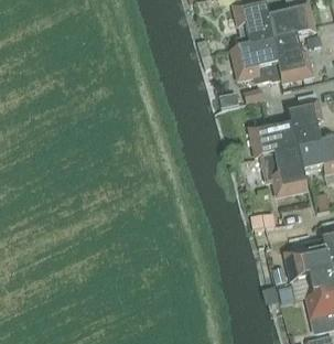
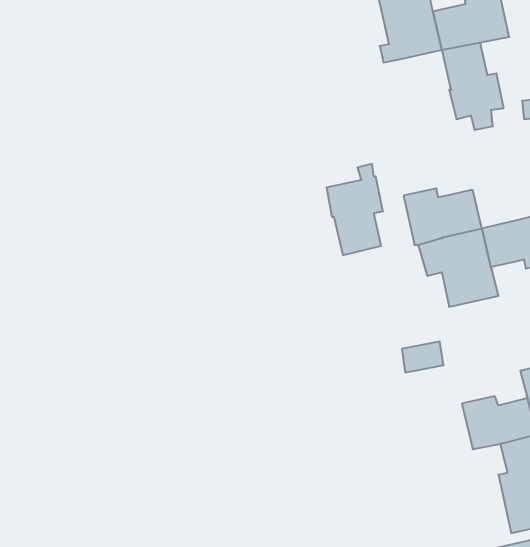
building: [233,39,281,82] -> none
building: [288,92,322,147] -> [326,164,383,255]

